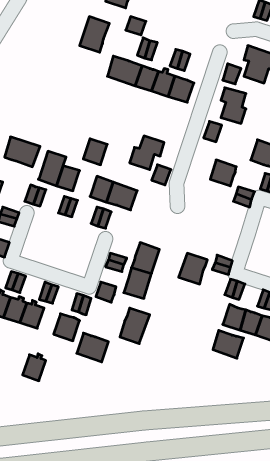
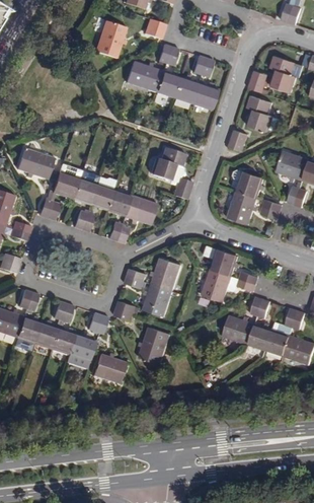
building: [83,139,107,165] -> [89,183,114,210]
building: none -> [225,192,255,225]
building: none -> [210,249,237,277]
building: [213,330,244,358] -> [222,315,254,345]
building: [23,354,46,381] -> [52,327,76,355]

